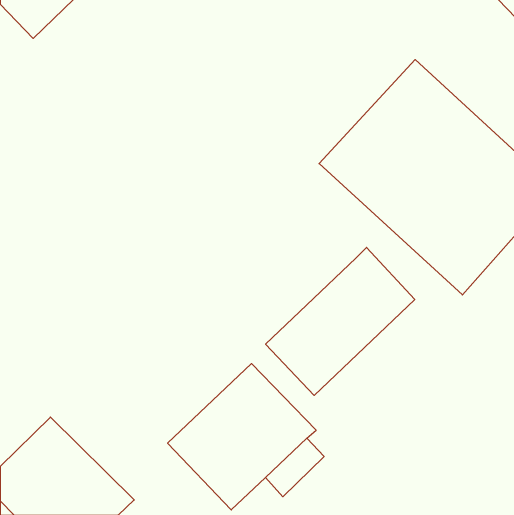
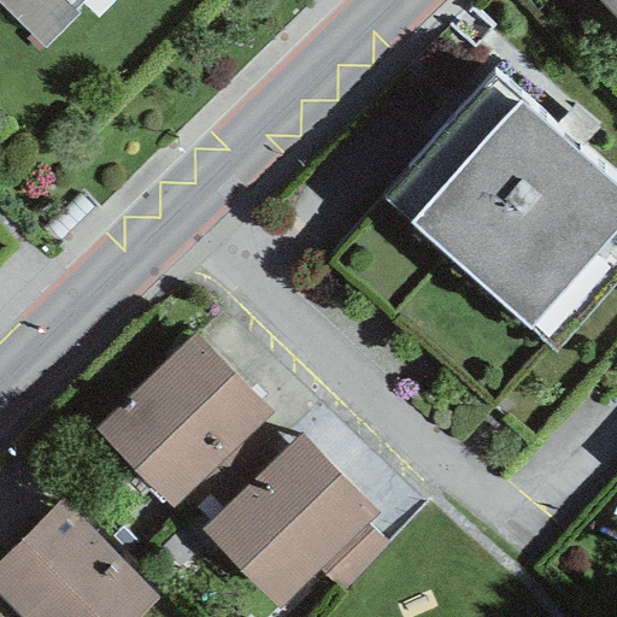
building: [266,247,415,395] -> none
building: none -> [94,333,276,512]

